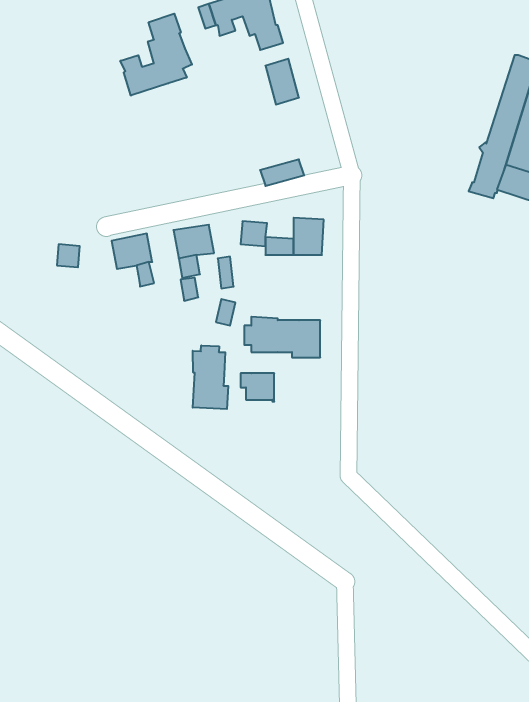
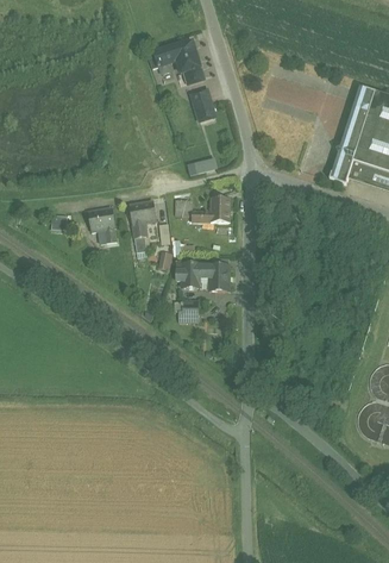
building: [120,14,192,96] -> none
building: [193,345,228,409] -> none

